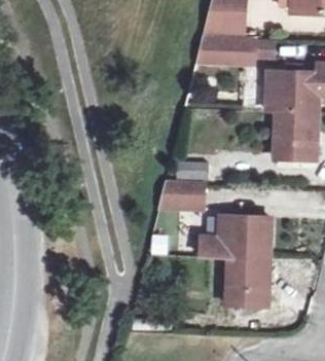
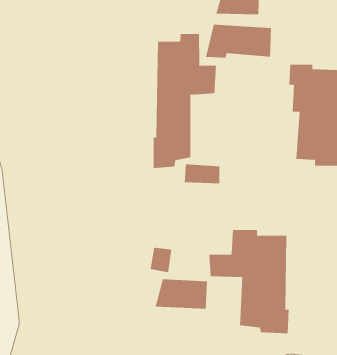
building: none -> [153,33,217,169]
building: [160,179,207,206] -> [155,279,208,309]

